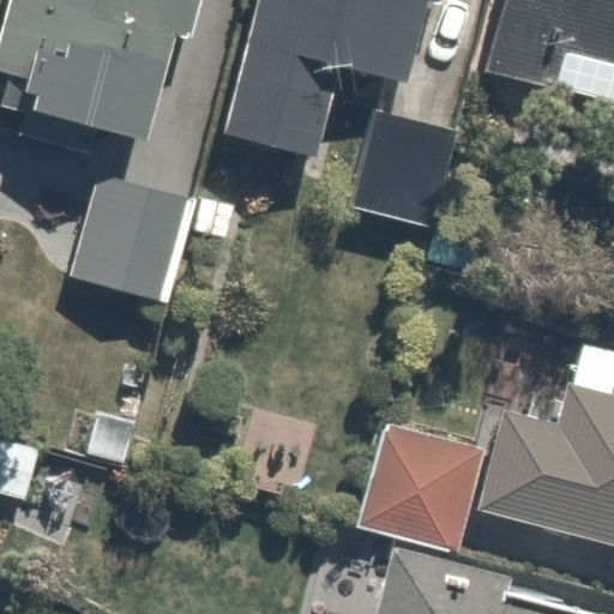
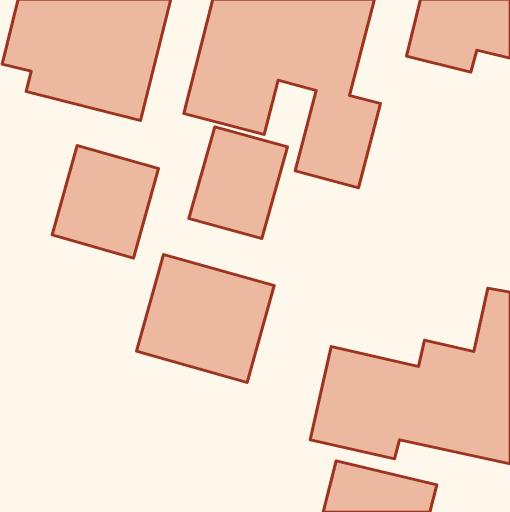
building: none -> [189,127,288,239]
building: none -> [137,255,274,382]

